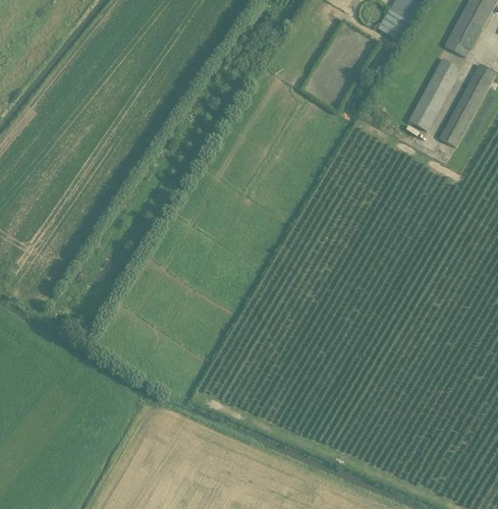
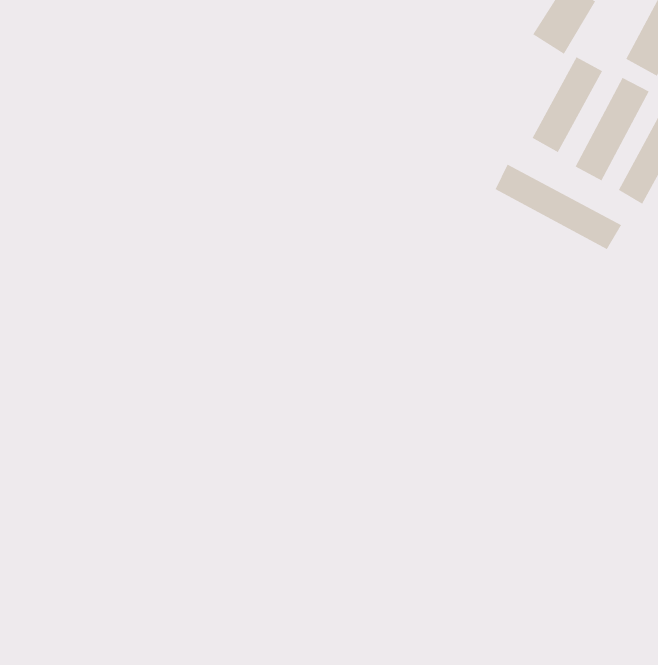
building: none -> [531,56,603,153]
building: none -> [494,164,622,250]

